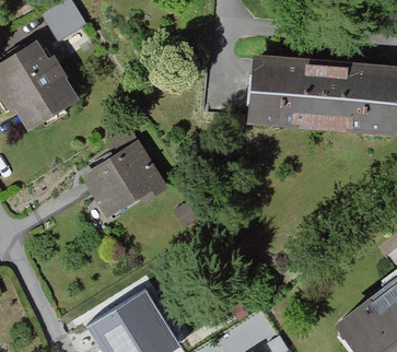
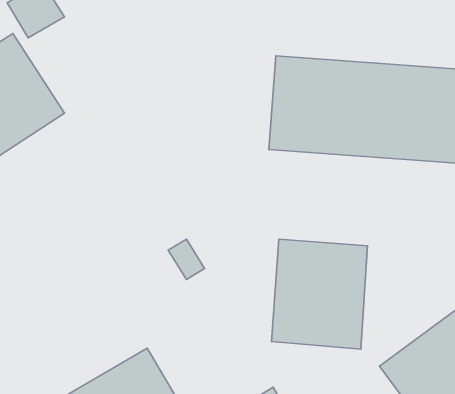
building: [82,143,162,220] -> none
building: none -> [271,239,368,349]

